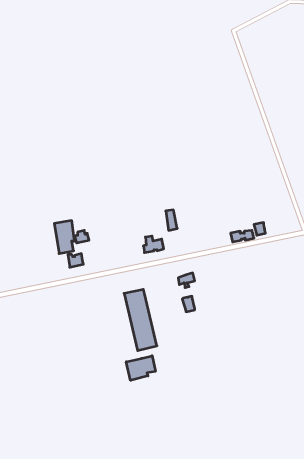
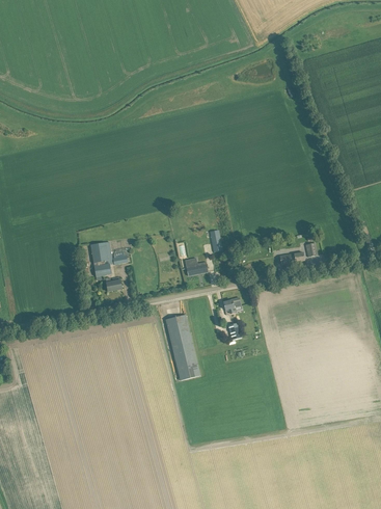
building: [126,356,155,380] -> none

